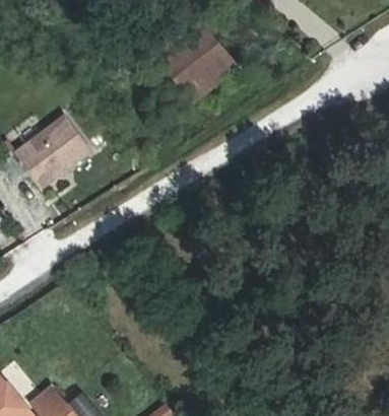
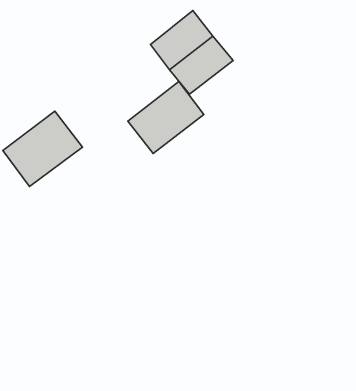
building: none -> [128,81,204,153]

